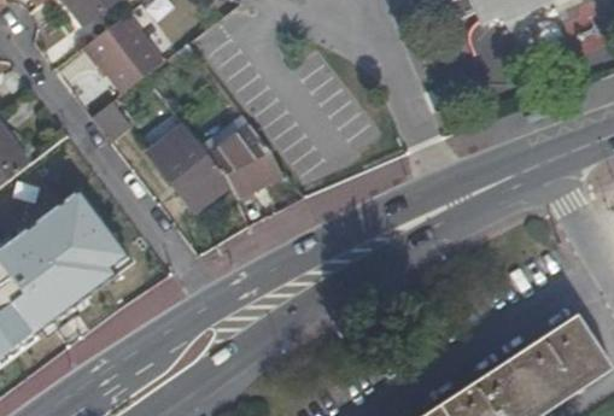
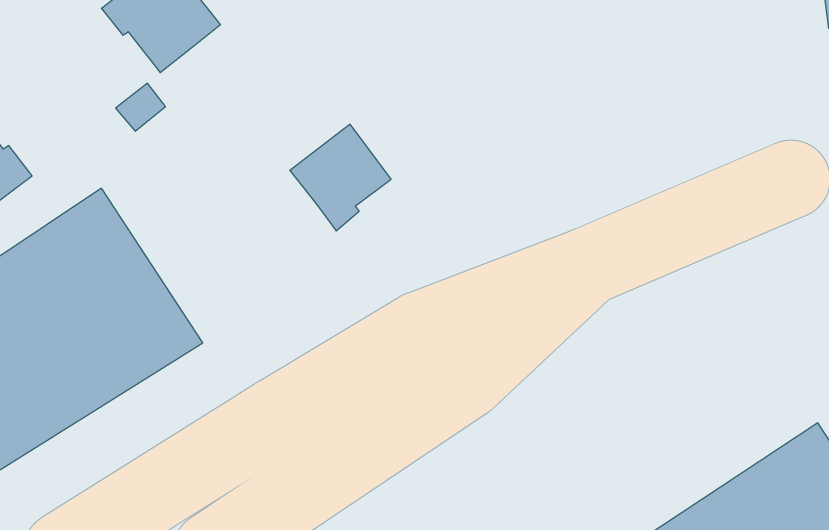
building: [147,122,226,204] -> none

